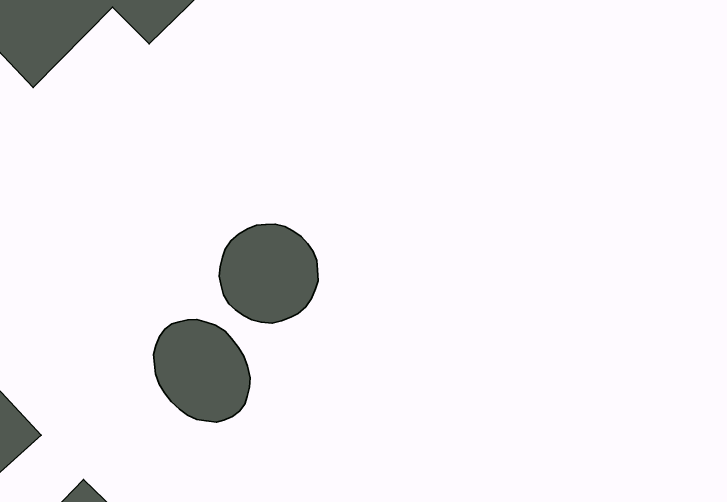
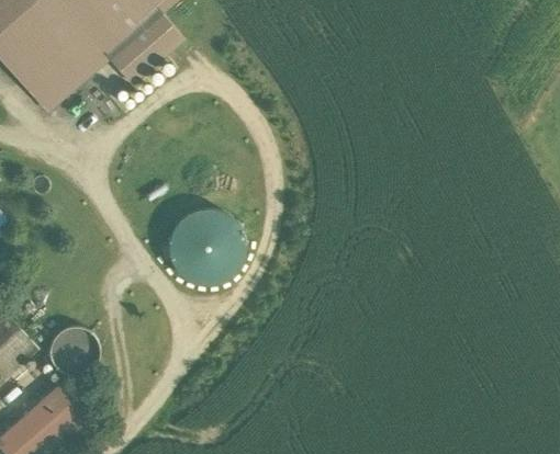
building: [154,319,250,422] -> none
building: none -> [46,327,90,371]

